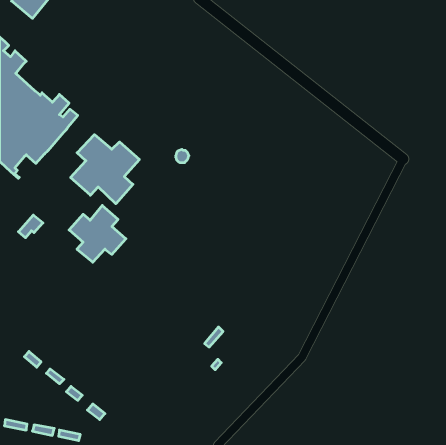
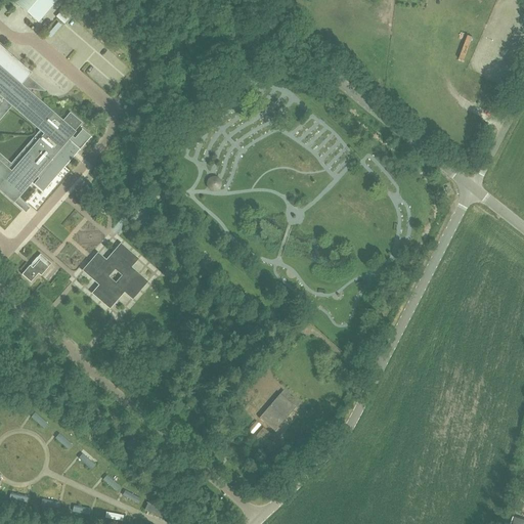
building: [71,135,139,204] -> none
building: none -> [258,392,294,430]

